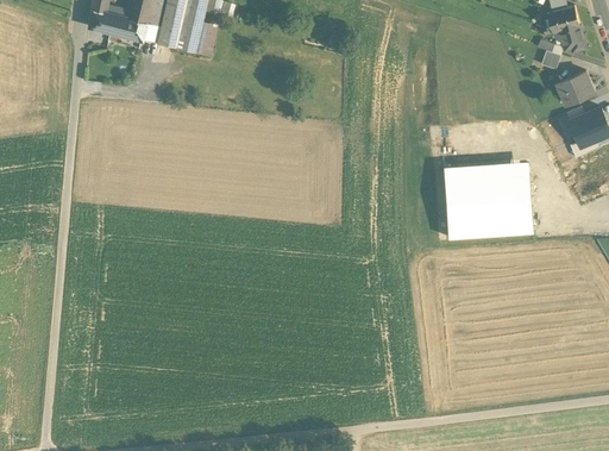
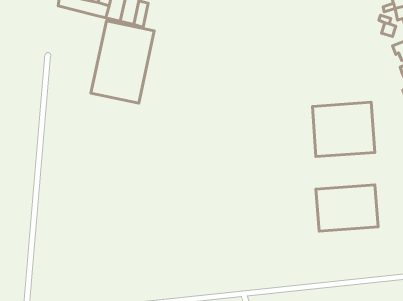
building: none -> [91,21,154,103]
building: none -> [316,185,378,231]

